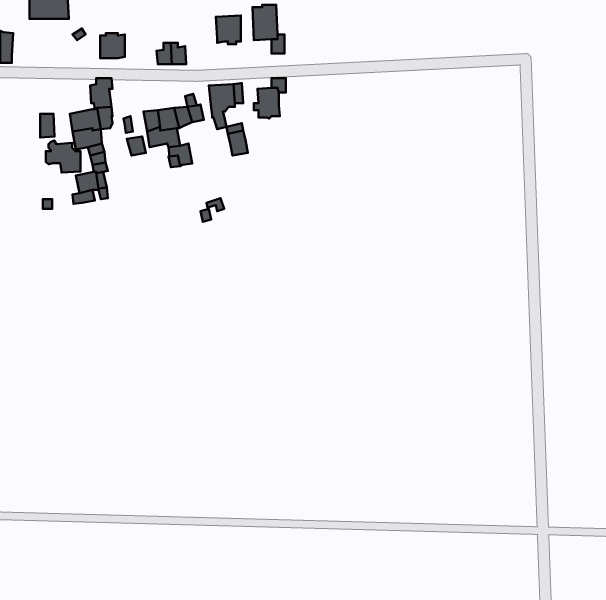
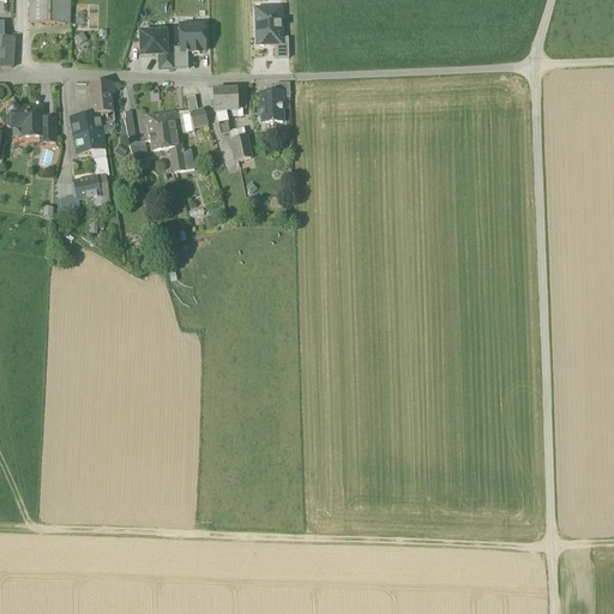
building: [216,16,241,44] -> [179,20,204,49]
building: [100,33,125,58] -> [140,26,165,52]
building: [46,141,80,173] -> [6,101,41,133]

